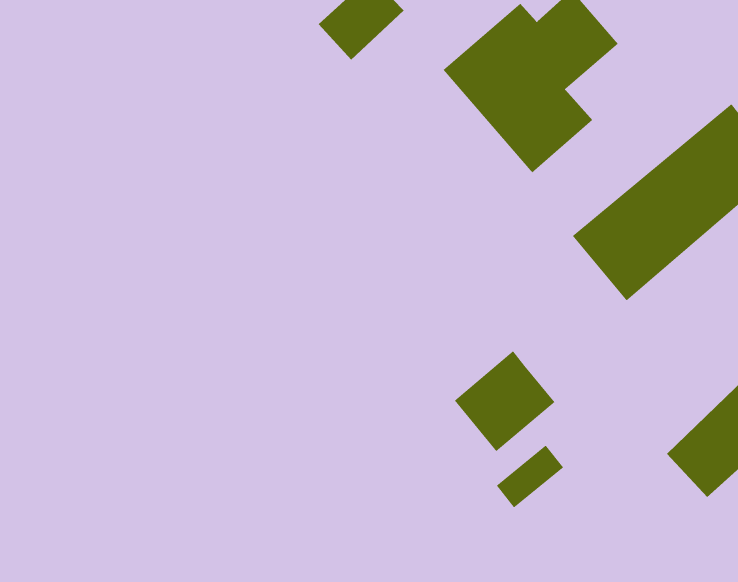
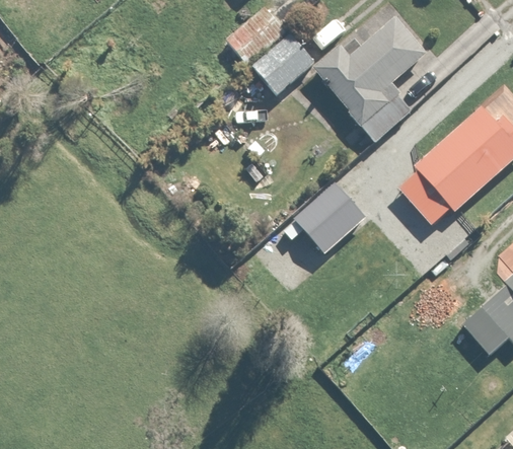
building: none -> [252,35,314,95]
building: [454,350,556,452] -> [297,185,365,253]

